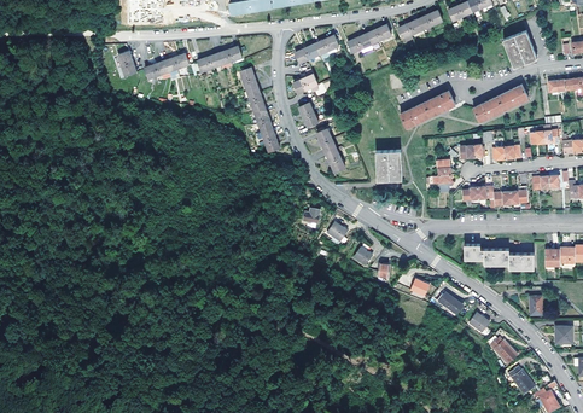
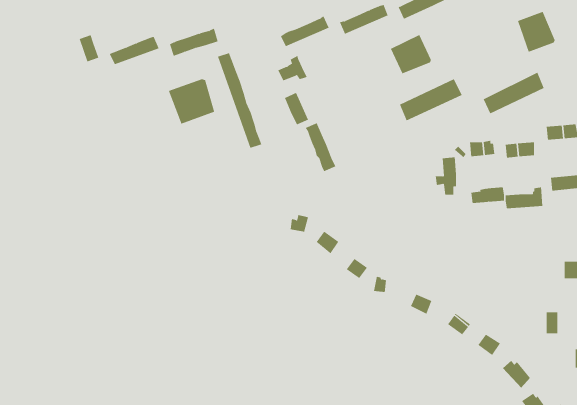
building: none -> [390,34,431,74]
building: none -> [168,78,215,124]
building: [374,151,401,181] -> none
building: [464,245,534,271] -> none

